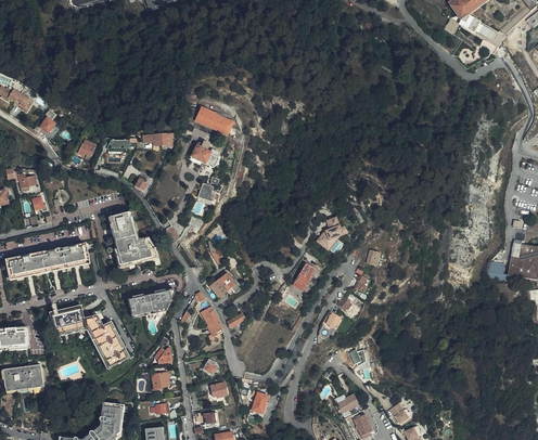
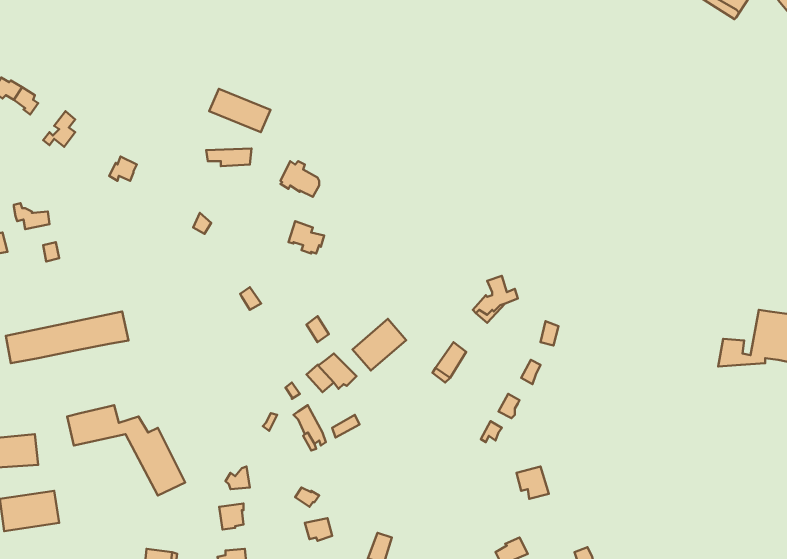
building: [194,105,235,134] -> [209,89,271,132]
building: [108,212,155,266] -> none
building: none -> [353,319,406,371]
building: [128,289,174,315] -> none

